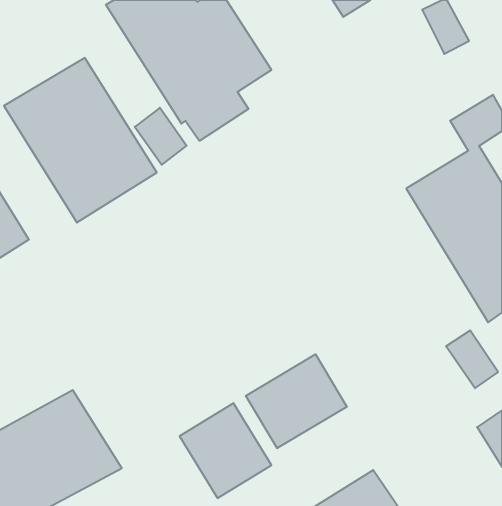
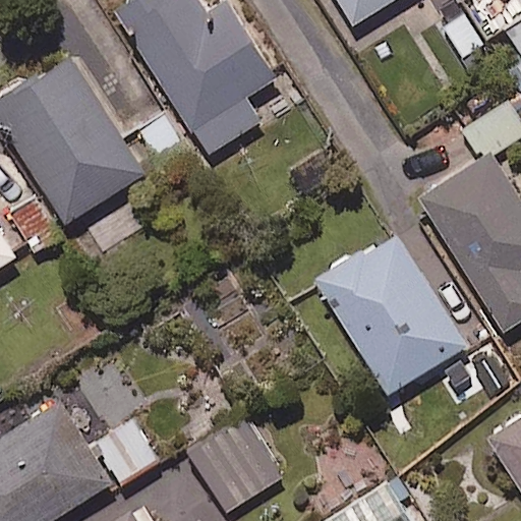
building: none -> [325,228,474,393]
building: [246,354,347,448] -> none

